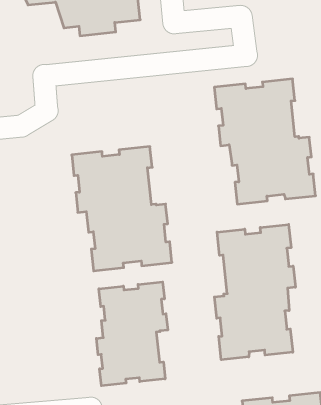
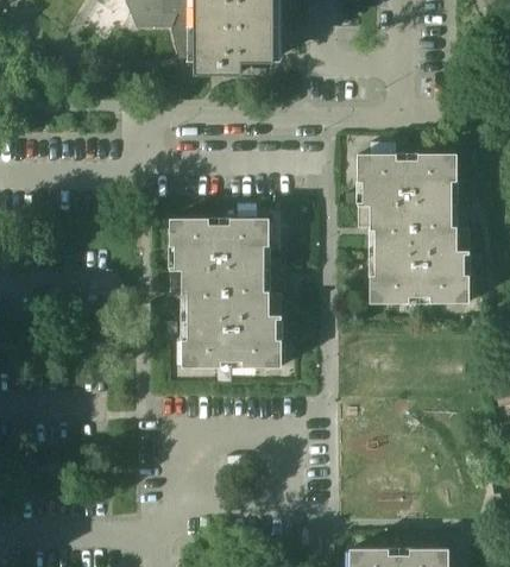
building: [214,224,295,360] -> none
building: [96,282,168,386] -> none

